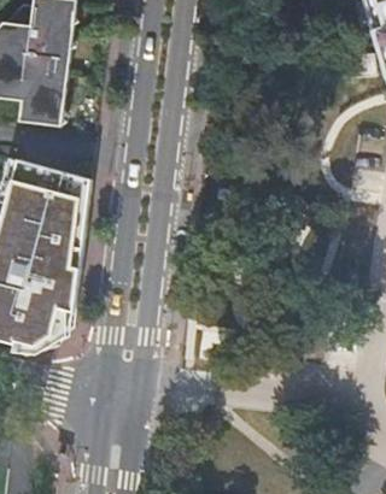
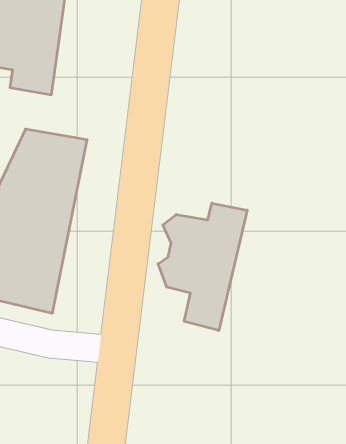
building: none -> [158,203,247,331]

